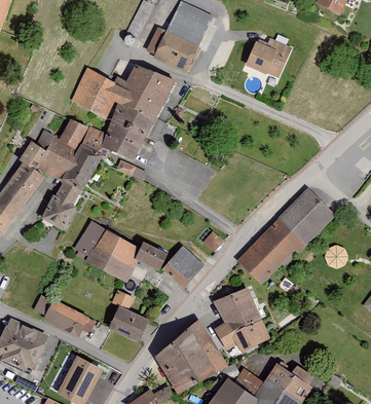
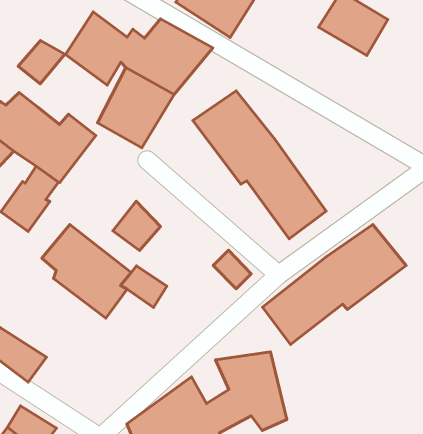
building: none -> [193,91,326,239]
building: [57,120,88,151] -> [18,41,65,84]
building: none -> [113,201,161,250]
building: [163,250,201,287] -> none
building: [108,291,149,343] -> none

